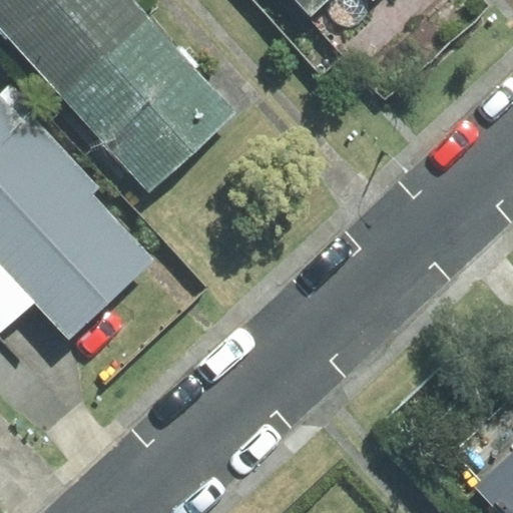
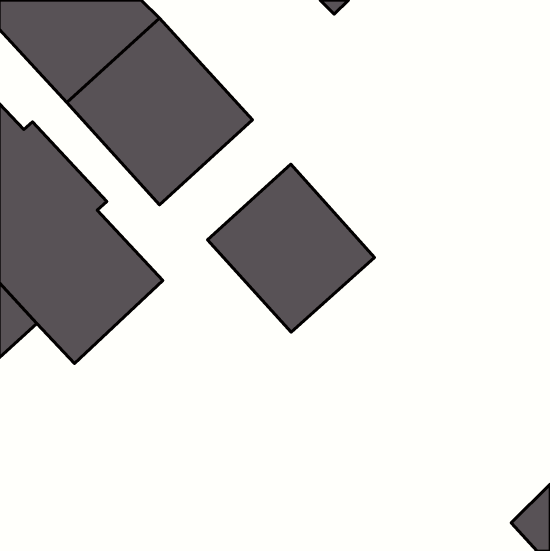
building: none -> [208,164,375,332]

